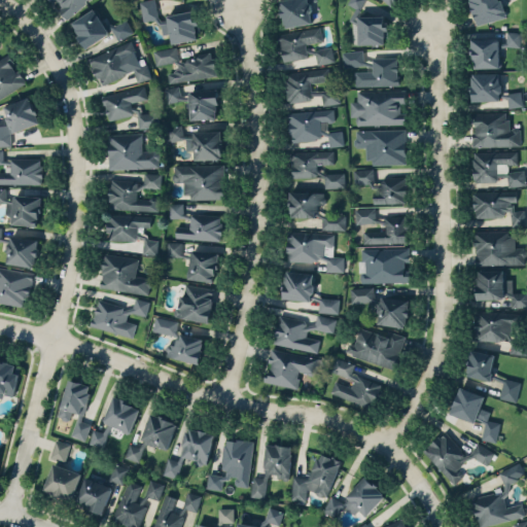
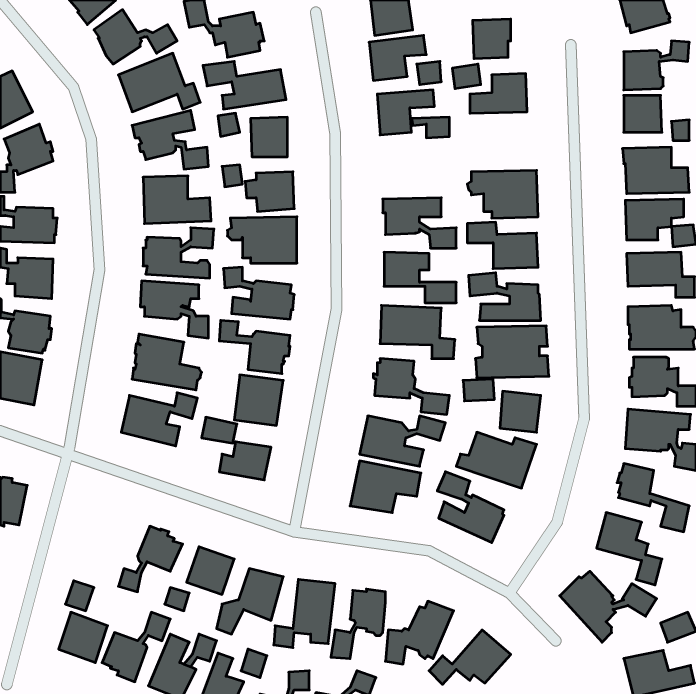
building: [351,92,406,127] -> none
building: [287,110,344,147] -> none
building: [58,382,91,443] -> none

